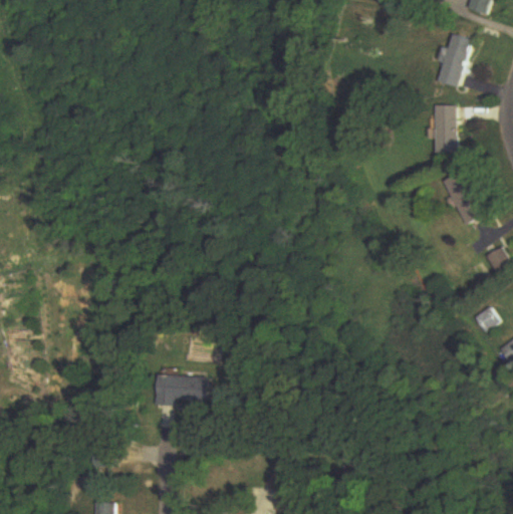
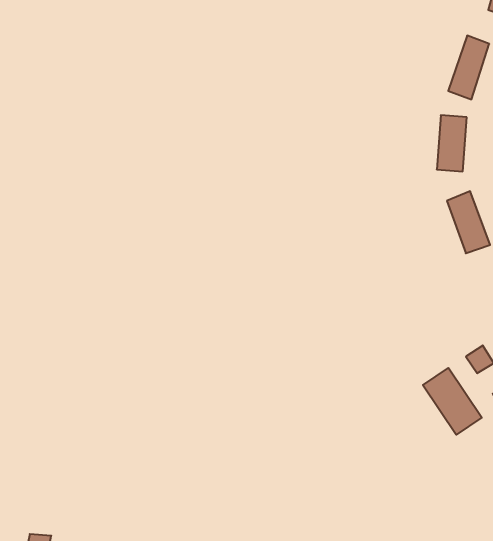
building: none -> [423,368,482,435]
building: [157,374,210,406] -> none

